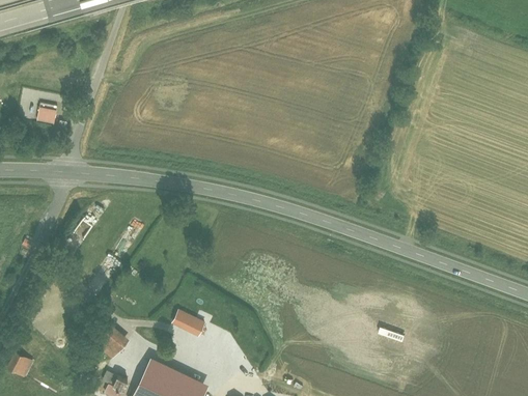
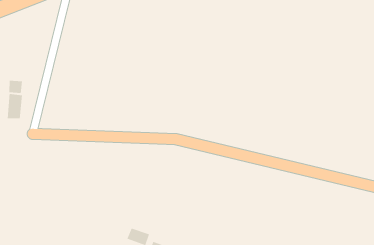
building: none -> [7,93,22,119]

